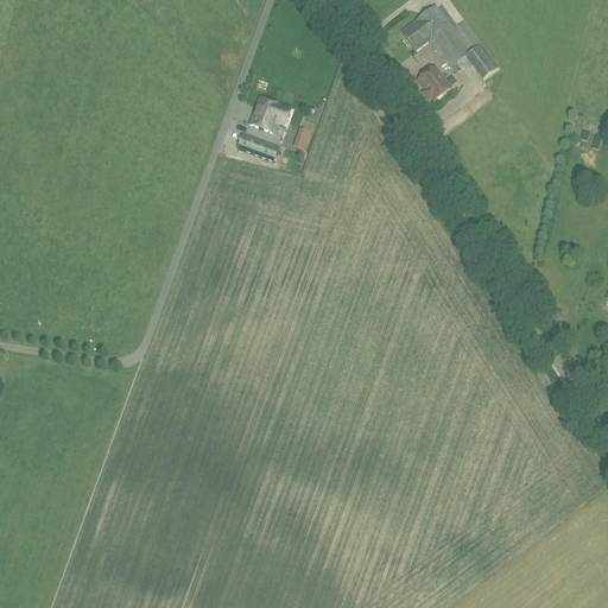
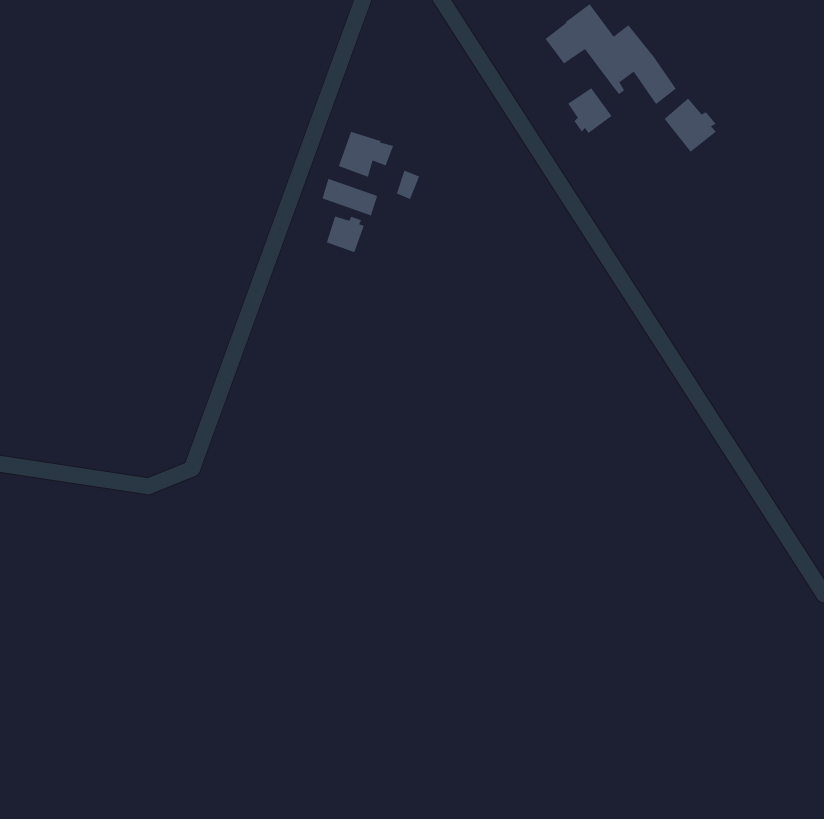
building: none -> [663,98,717,153]
building: none -> [326,216,365,253]

